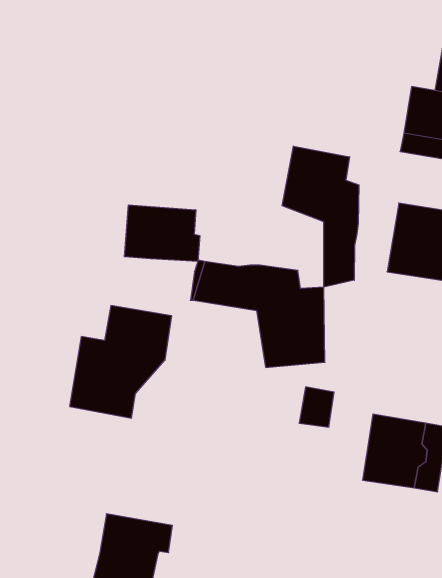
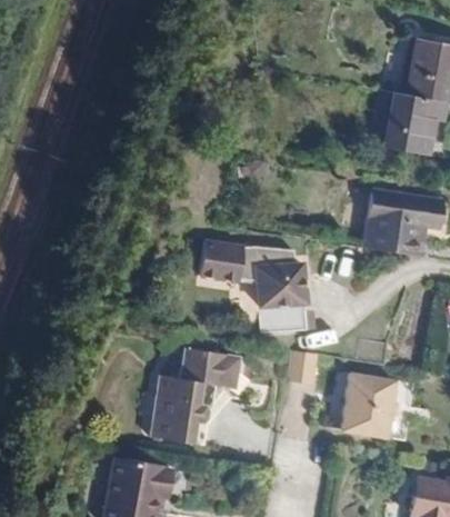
building: [282,146,359,287] -> none
building: [125,205,200,261] -> none
building: [70,306,172,418] -> [152,346,240,443]

